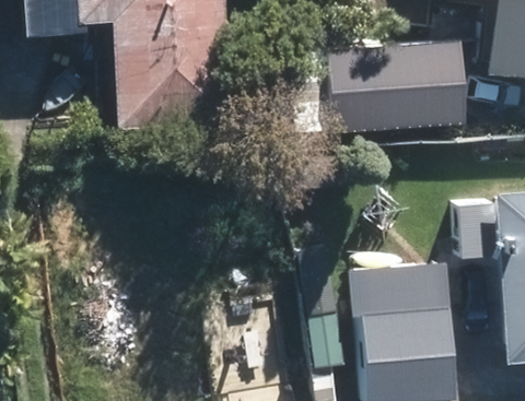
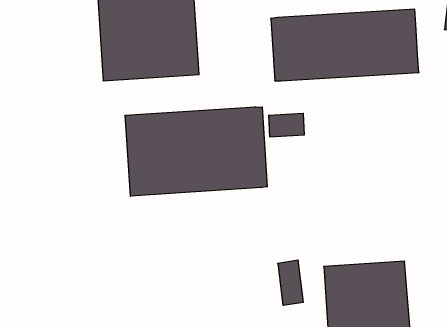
building: none -> [125,107,267,196]

